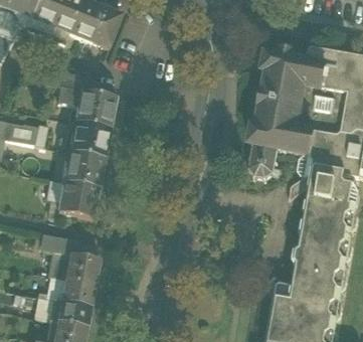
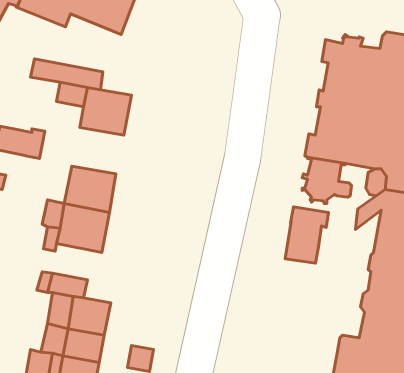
building: [69,120,110,156] -> none
building: none -> [285,207,328,263]

